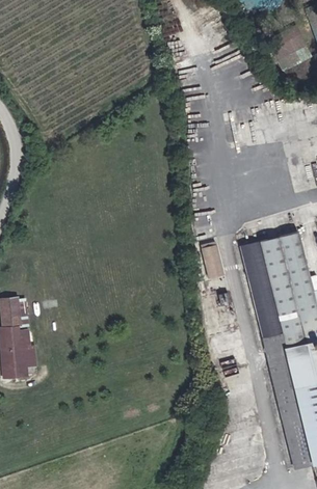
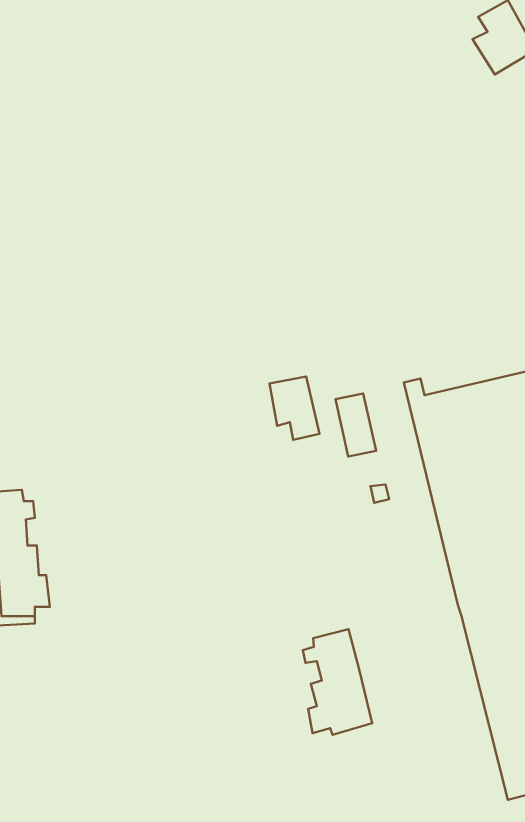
building: none -> [269,376,320,440]
building: none -> [303,629,372,735]

